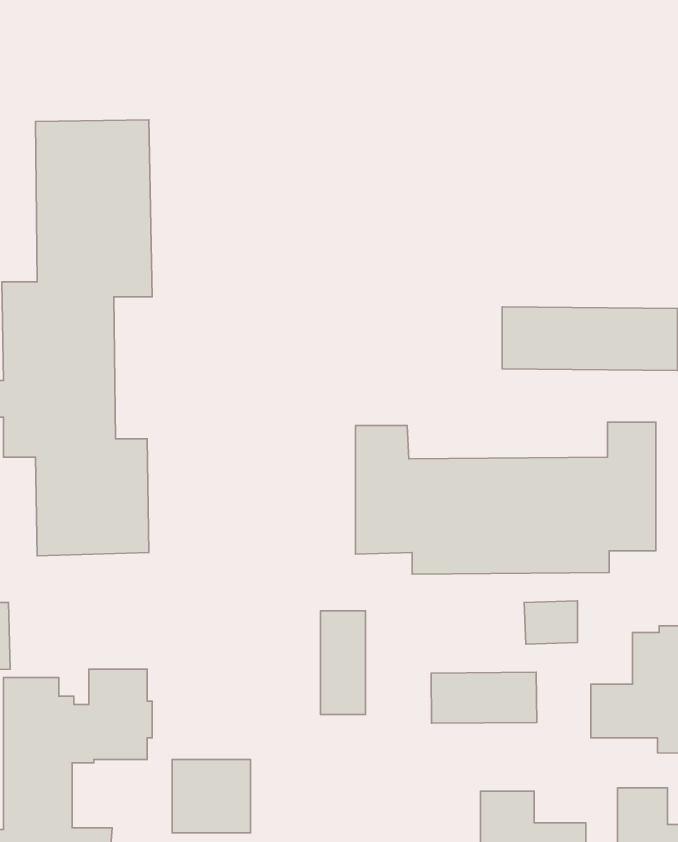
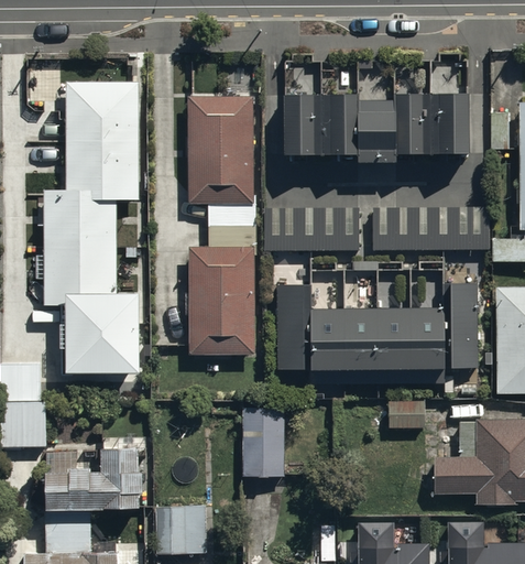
building: none -> [282,90,467,162]
building: none -> [187,98,254,352]
building: none -> [266,206,358,254]
building: [431,672,537,723] -> none

